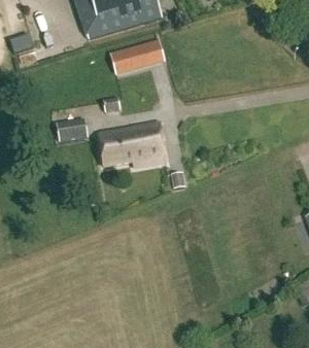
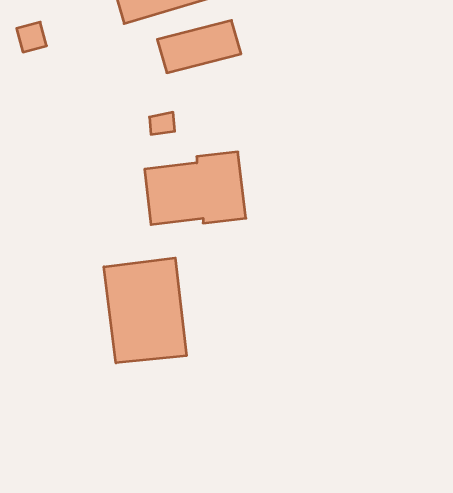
building: [57,118,89,140] -> none
building: none -> [104,258,186,363]

